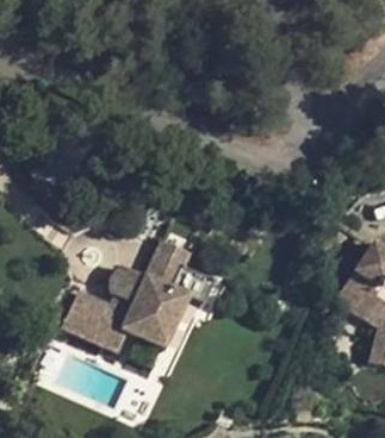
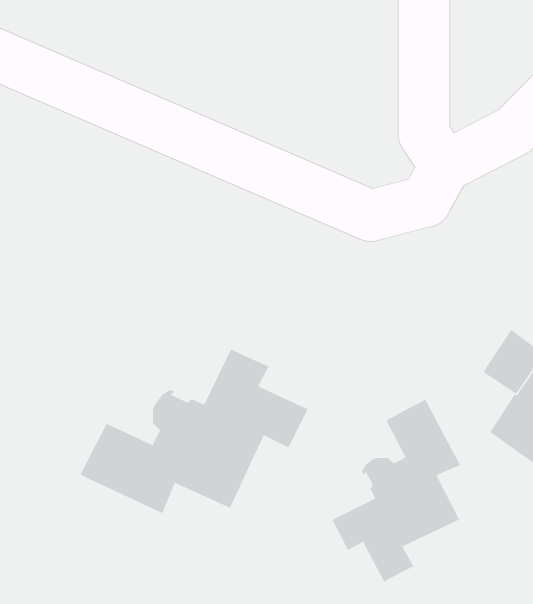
building: none -> [332,399,461,582]

